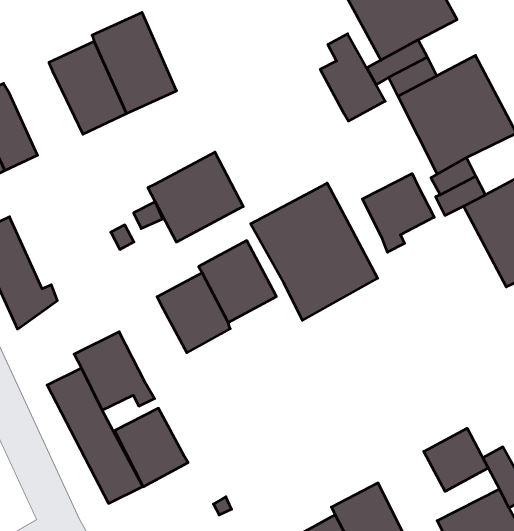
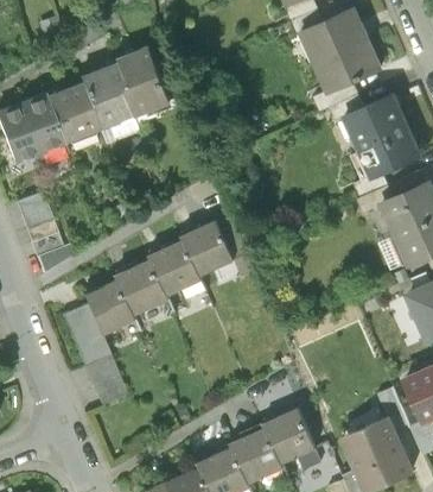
building: [320,34,385,121] -> none
building: none -> [47,87,100,147]
building: [148,152,243,242] -> none
building: [362,174,434,252] -> none
building: [251,183,378,320] -> none
building: [115,408,188,487] -> [115,264,167,321]
building: [424,428,488,491] -> none

